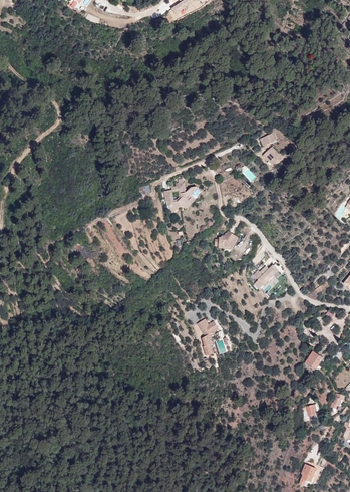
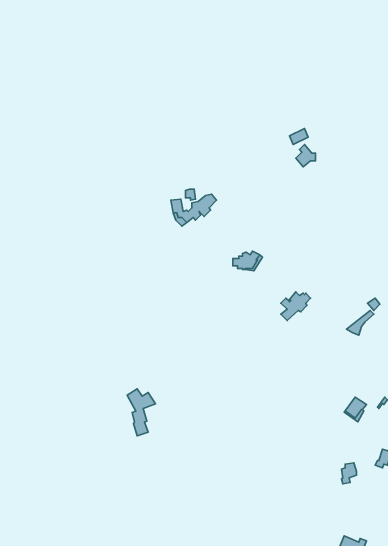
building: [197,319,220,357] -> [127,389,156,436]

